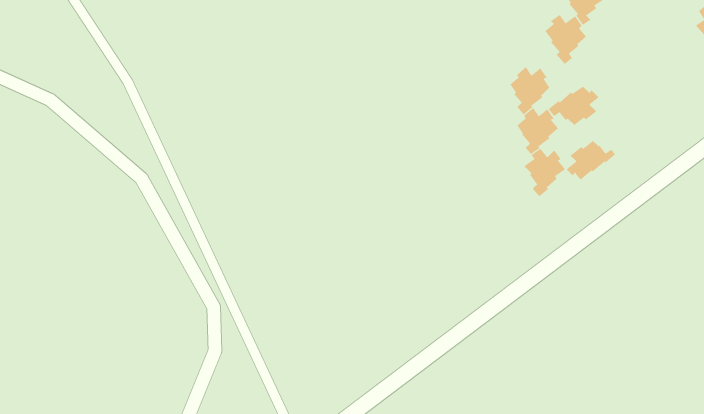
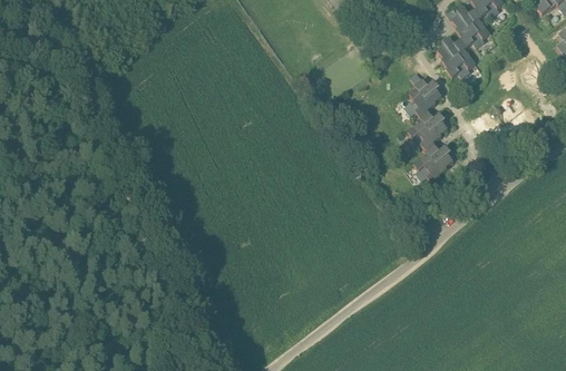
building: [548,86,599,126] -> none
building: [566,140,616,180] -> none

